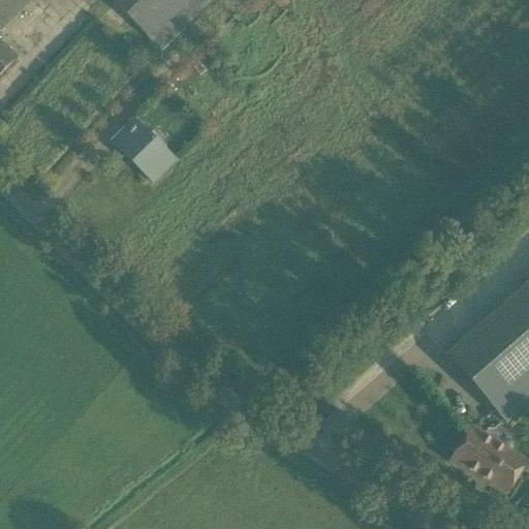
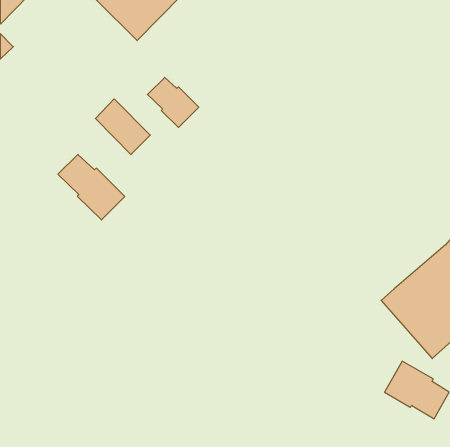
building: none -> [147,77,199,127]
building: none -> [58,154,125,220]

